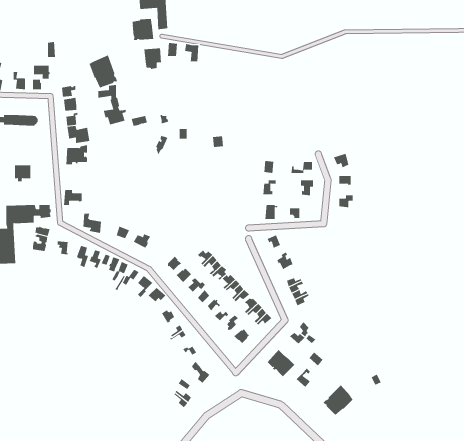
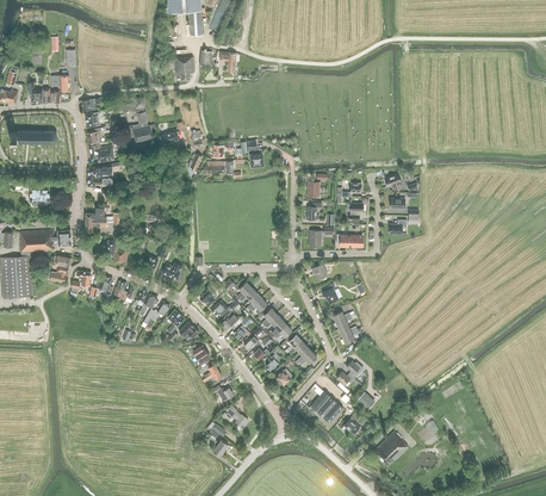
building: [132,18,154,41] -> none
building: [89,55,118,88] -> none

